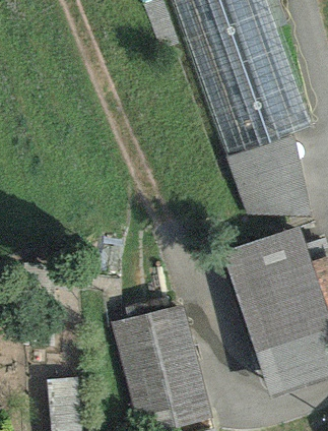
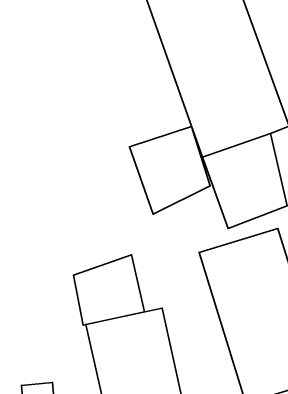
building: none -> [130,126,210,214]
building: none -> [73,255,145,325]

